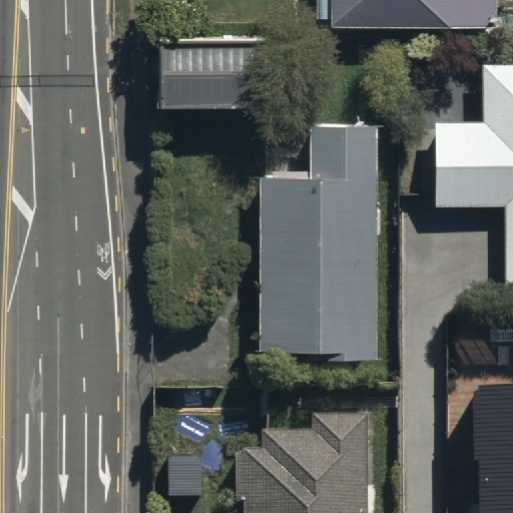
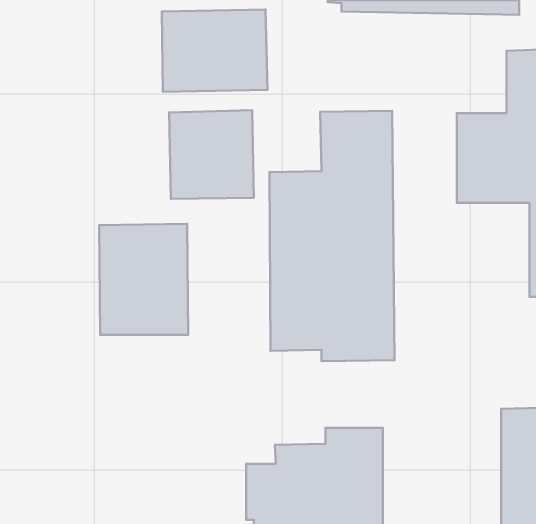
building: none -> [169,110,254,199]
building: none -> [99,224,188,335]

